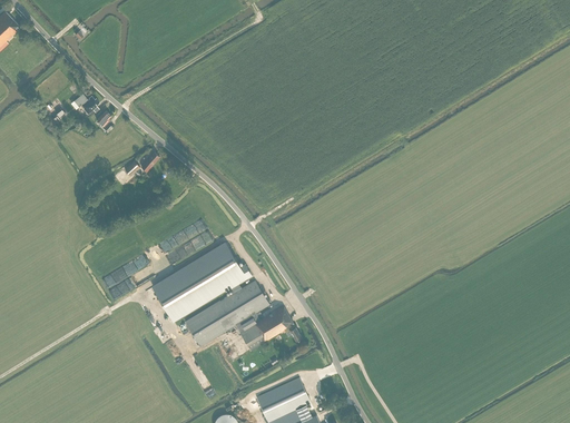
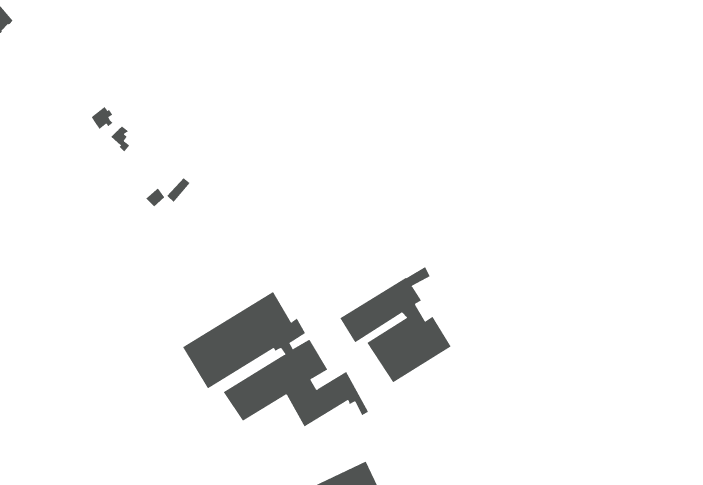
building: none -> [339,266,451,383]

